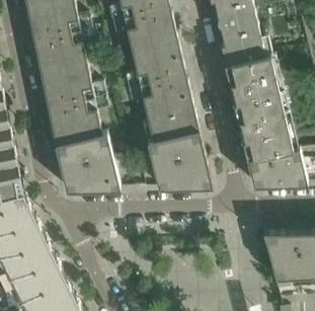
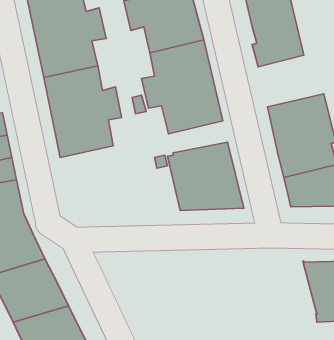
building: [225,56,282,102] -> none
building: [148,114,199,142] -> none
building: [55,135,121,193] -> none

